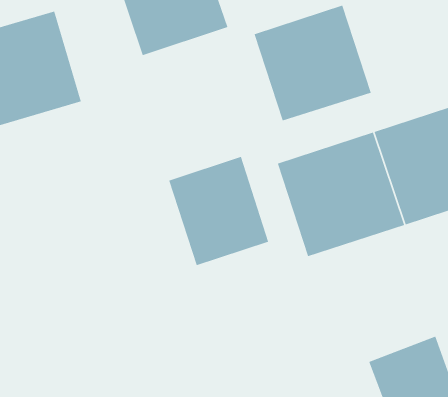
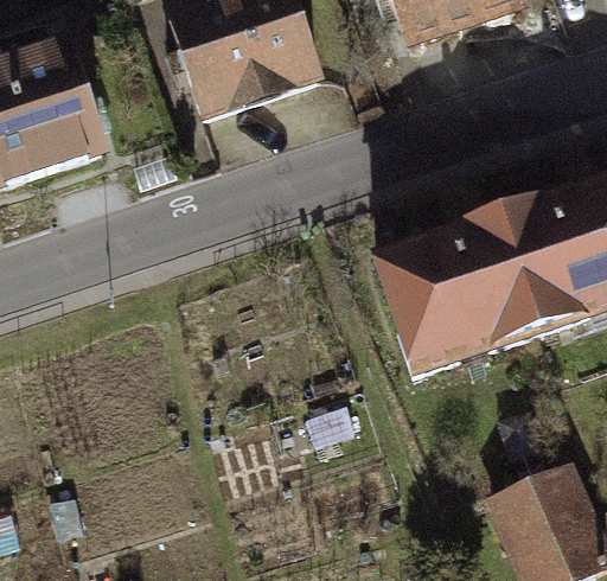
building: [253,5,372,122] -> none
building: [168,156,269,266] -> none

